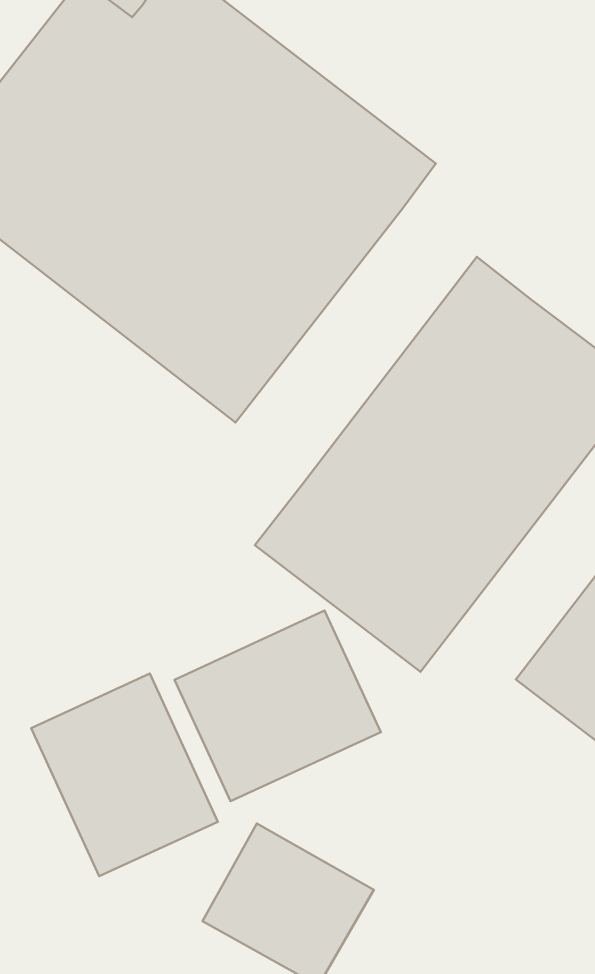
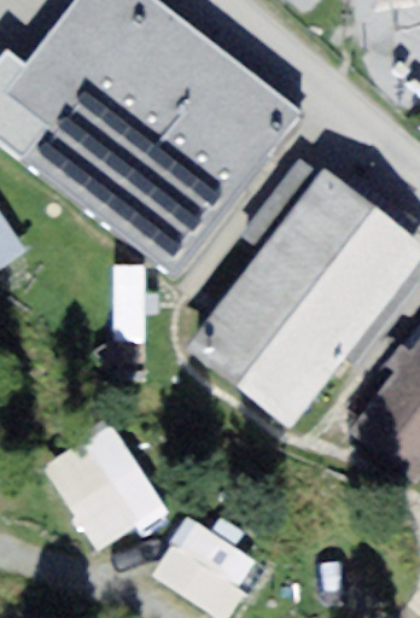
building: [175,611,381,801] -> none

